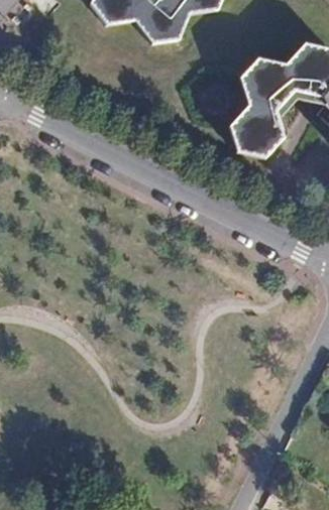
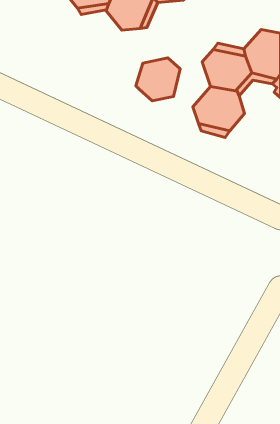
building: none -> [136,58,180,101]

